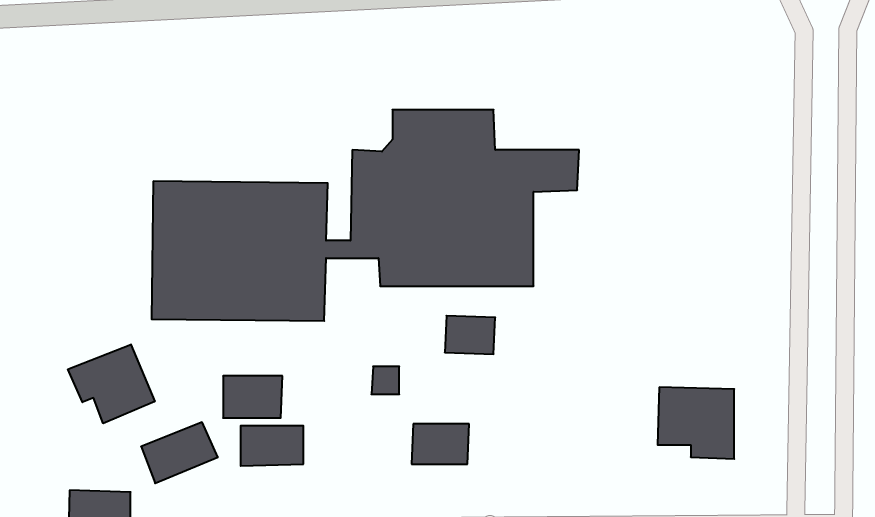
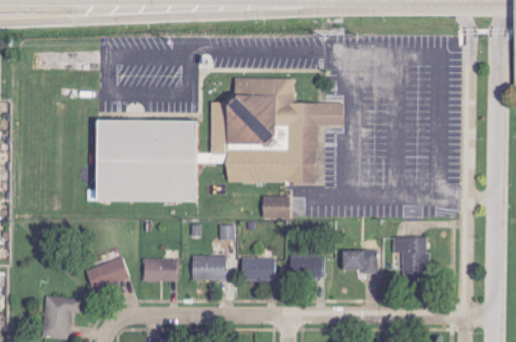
building: [68,344,155,423] -> none
building: [223,376,282,418] -> [192,256,227,280]
building: none -> [337,250,377,273]
building: none -> [298,256,325,277]

